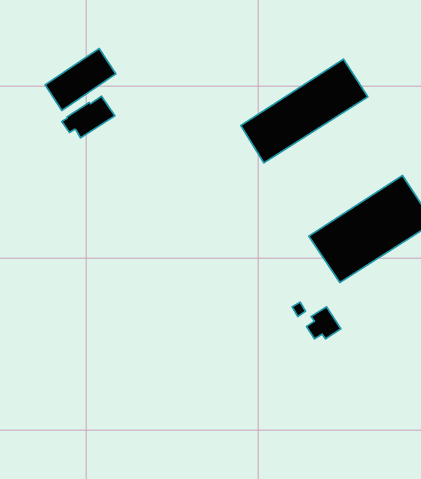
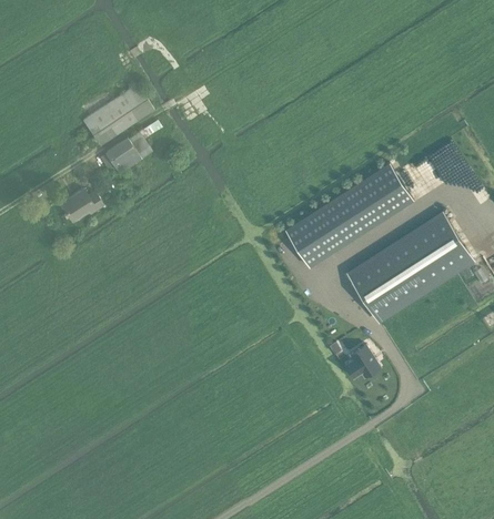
building: [241,59,368,163] -> [284,163,412,267]
building: none -> [59,191,101,222]

